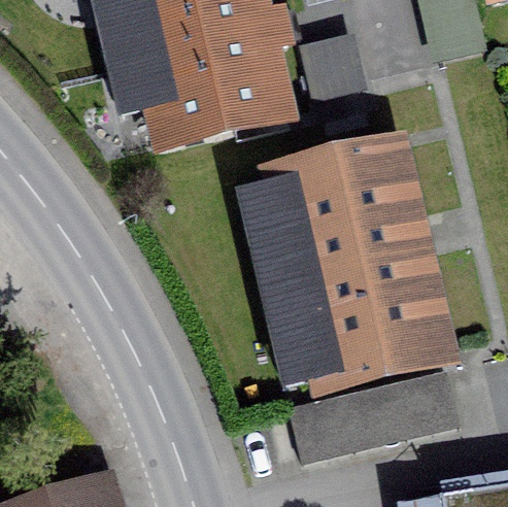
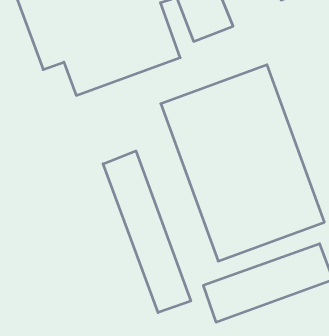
building: none -> [103,151,191,313]

